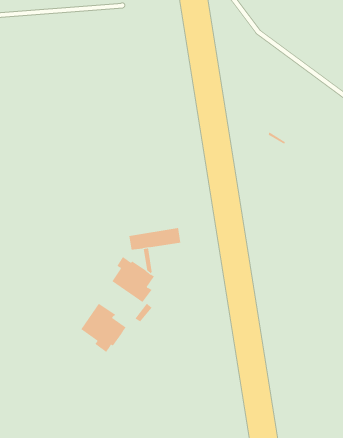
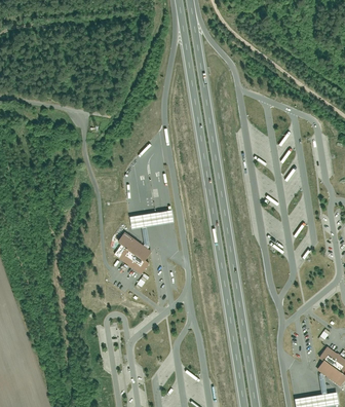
building: [81,303,126,353] -> none

